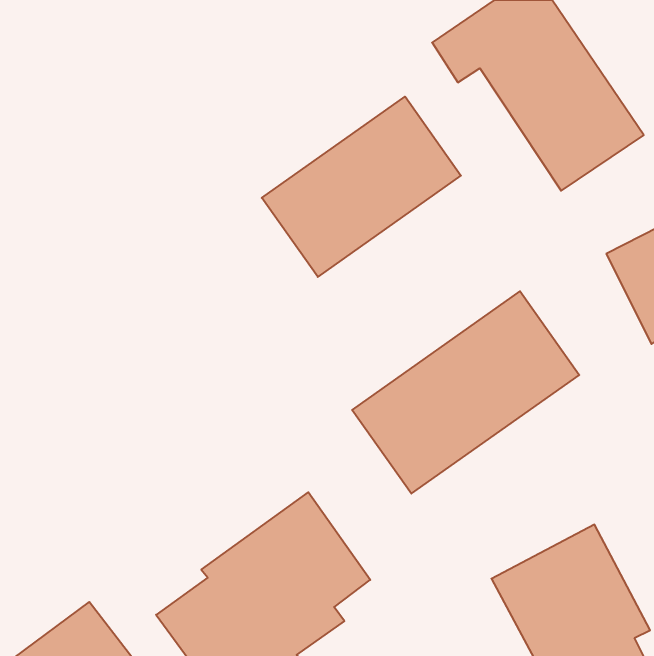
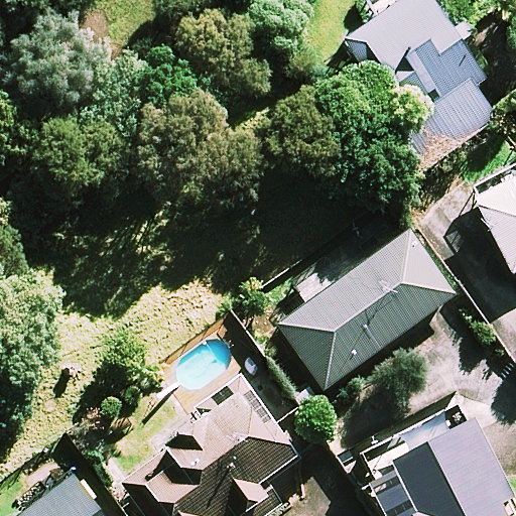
building: [262,97,461,277] -> none

